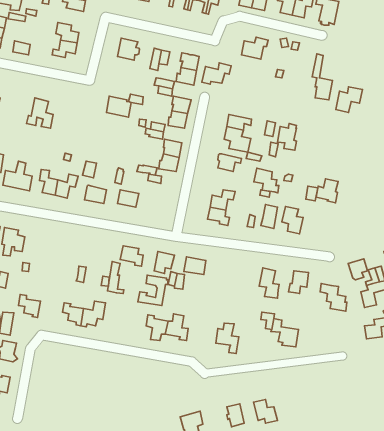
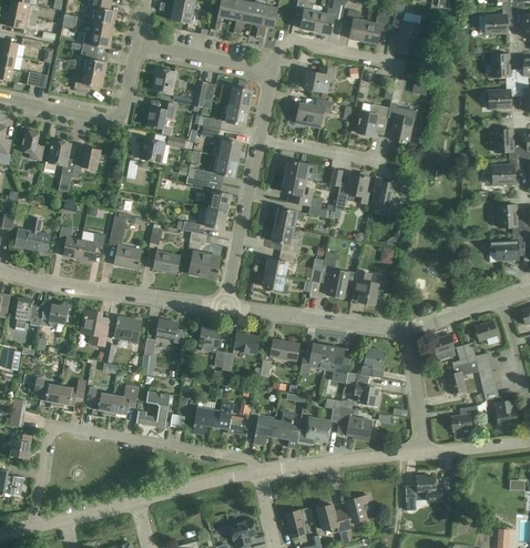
building: none -> [81,30,112,52]
building: [202,63,231,84] -> [295,99,330,124]
building: none -> [146,101,176,128]
building: [336,87,362,112] -> [356,104,388,135]
building: none -> [21,130,44,161]
building: none -> [72,146,100,179]
building: [254,168,279,193] -> [271,224,300,254]
building: [316,179,338,203] -> [370,180,397,209]
building: none -> [188,251,220,275]
building: none -> [40,302,68,326]
building: none -> [80,308,106,345]
building: none -> [115,316,141,343]
building: none -> [259,338,299,377]
building: none -> [299,343,328,375]
building: [138,275,168,306] -> [135,390,172,427]
building: [320,284,347,311] -> [346,372,378,405]
building: none -> [57,379,85,406]
building: none -> [248,412,274,444]
building: none -> [297,417,332,444]
building: none -> [405,475,442,510]
building: none -> [342,496,366,529]

